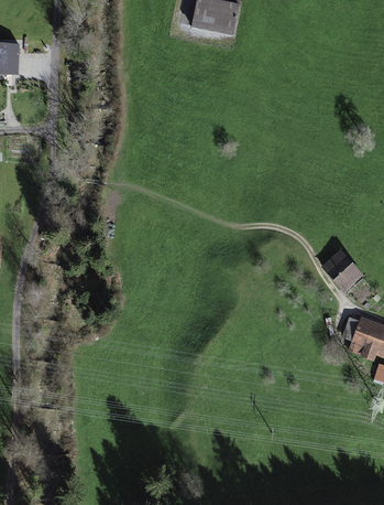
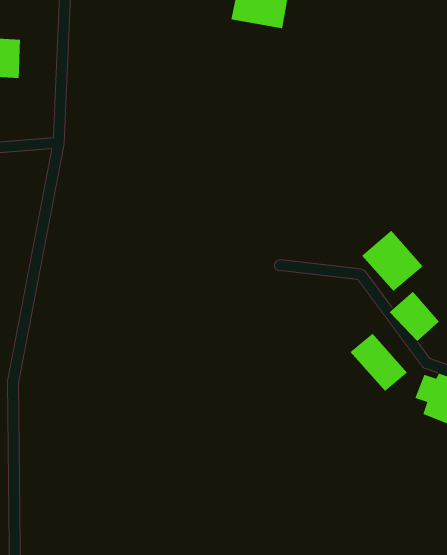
building: none -> [361,230,424,292]
building: none -> [350,333,408,392]

